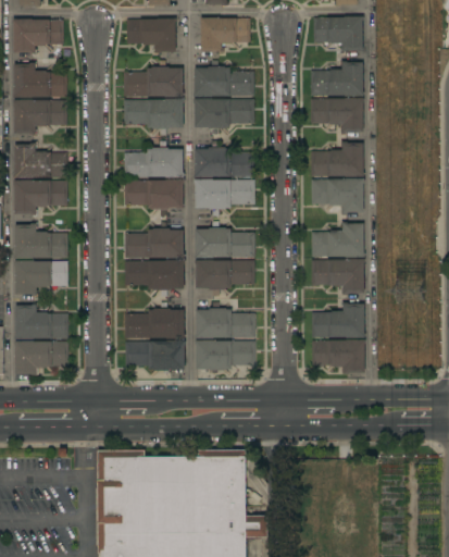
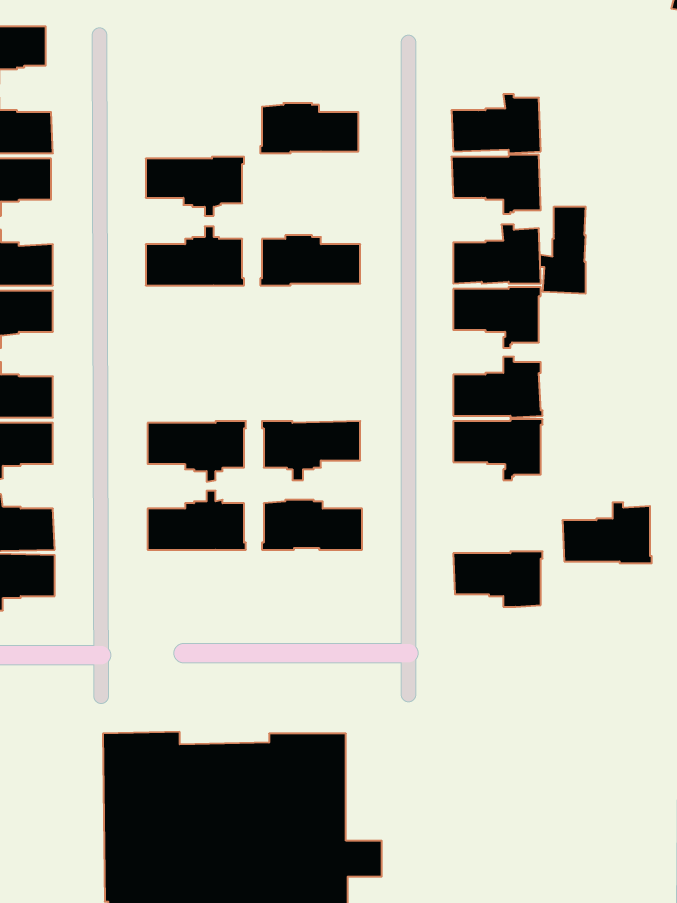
building: [313,16,363,53] -> none
building: [200,17,250,52] -> none
building: [126,18,176,53] -> none
building: [123,61,184,97] -> none
building: [194,98,254,135] -> none
building: none -> [540,207,586,294]
building: [194,178,254,215] -> none
building: [124,180,185,216] -> none
building: [124,222,185,259] -> none
building: [195,227,254,258] -> none
building: [311,301,365,338] -> [562,502,652,563]
building: [195,339,255,373] -> none
building: [125,341,185,371] -> none

